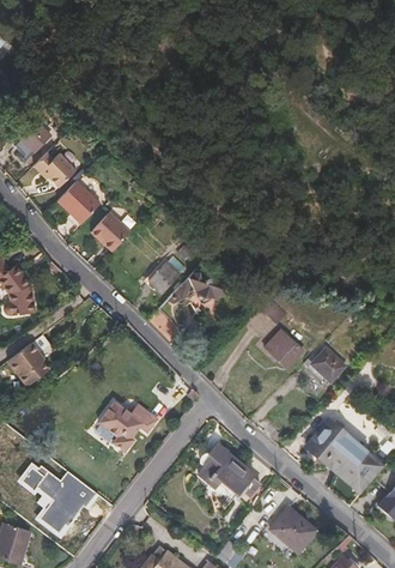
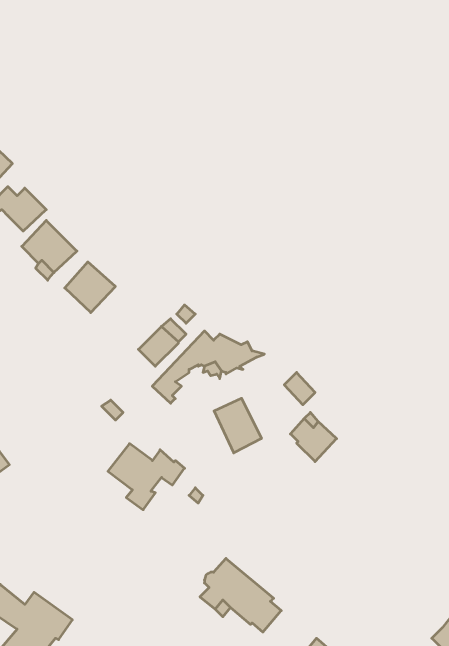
building: none -> [214,398,261,453]
building: [312,348,345,382] -> none
building: [97,400,157,452] -> [108,444,185,510]
building: [302,416,384,504] -> none

